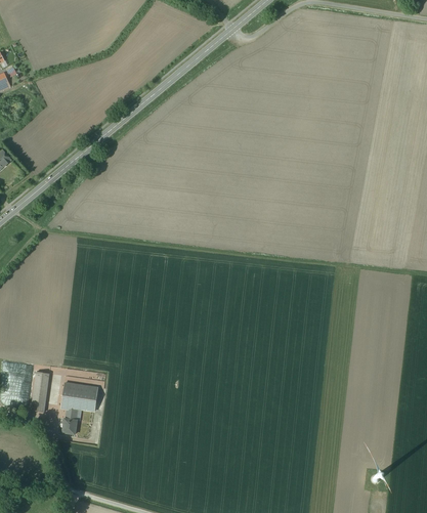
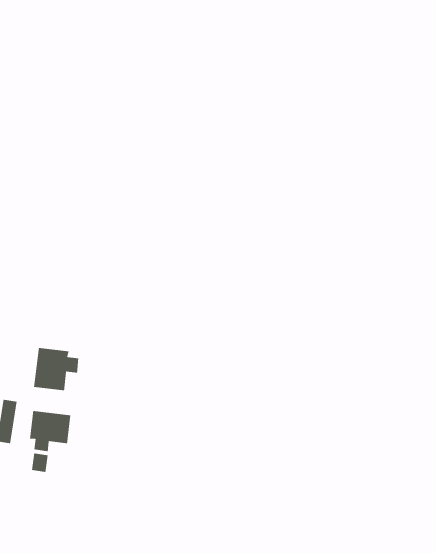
building: none -> [33,347,79,391]

